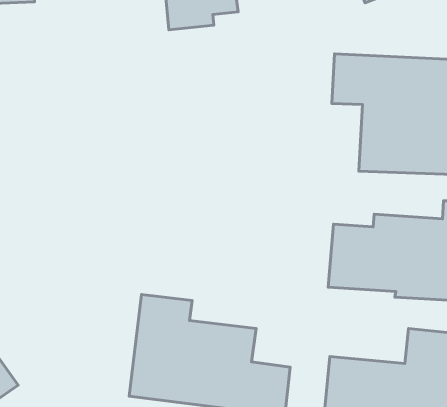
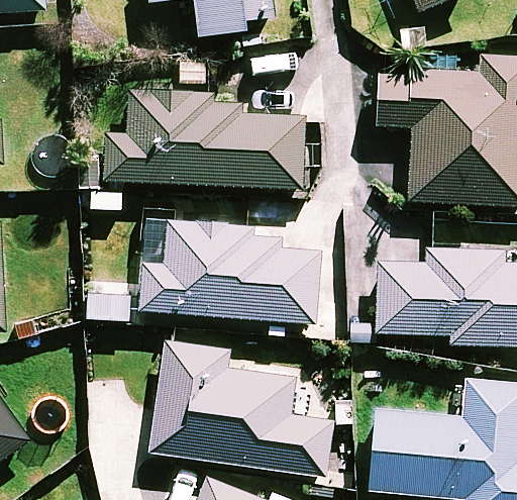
building: none -> [104,91,306,188]
building: none -> [140,220,321,322]

